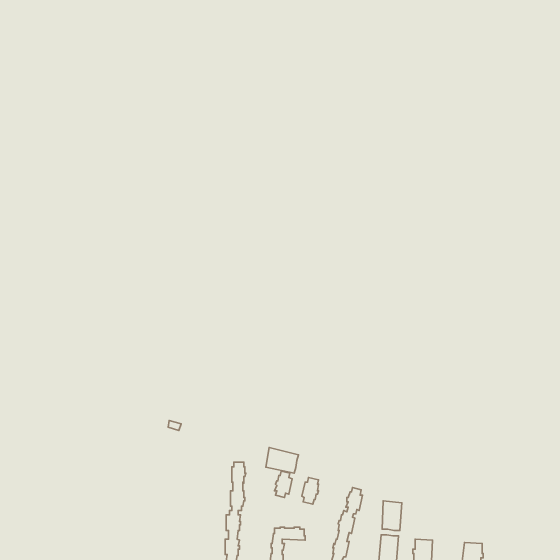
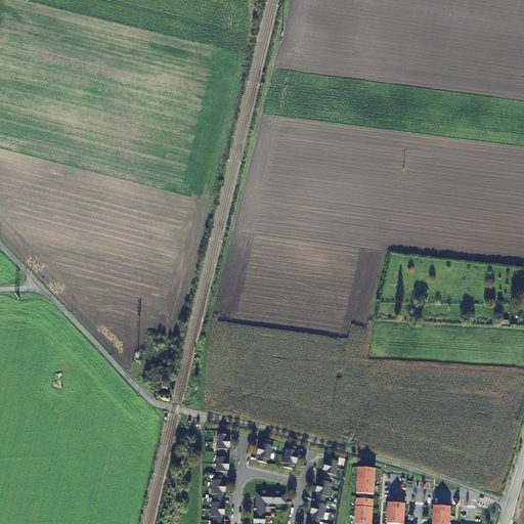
building: [266,447,298,473] -> none

